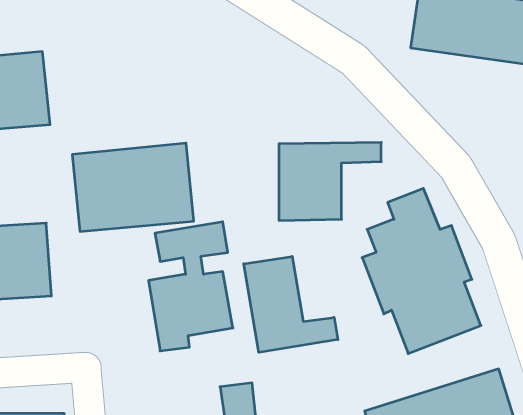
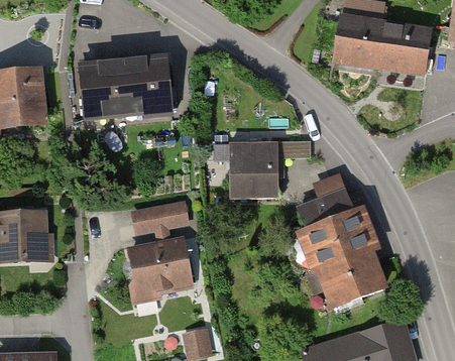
building: [72,143,194,231] -> [79,53,175,123]
building: [244,256,338,352] -> none

